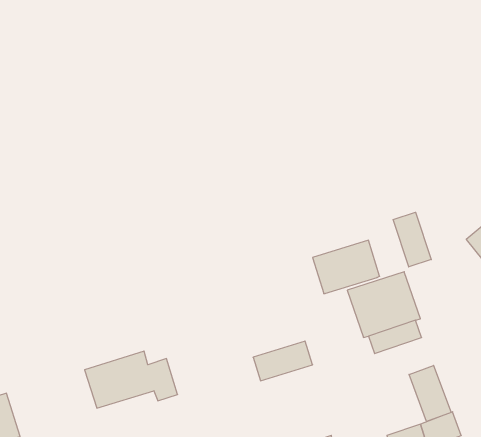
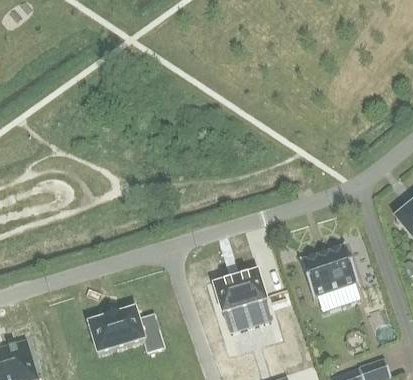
building: [393,212,431,267] -> none
building: [313,240,380,294] -> [214,270,268,313]
building: [409,365,451,421] -> none

